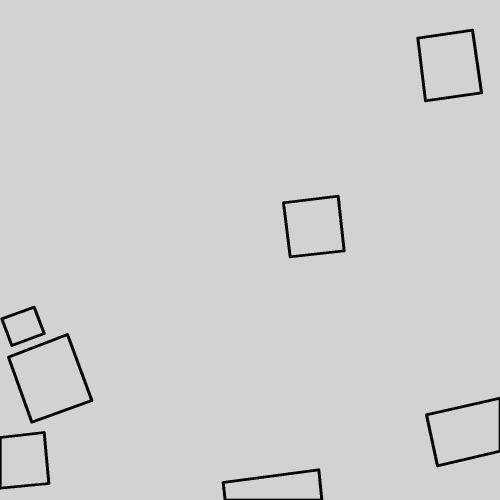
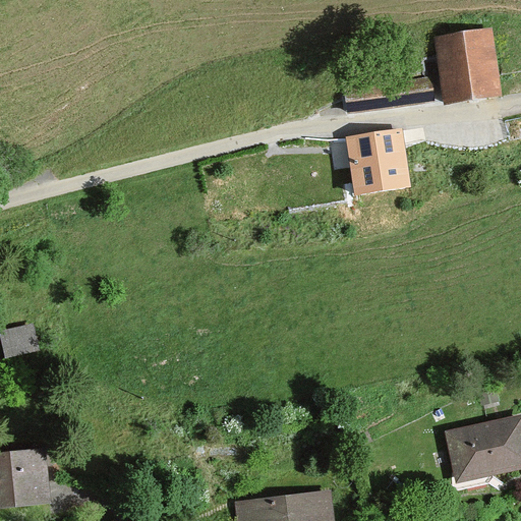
building: [283,196,344,257] -> [344,132,407,195]
building: [8,334,92,422] -> none

